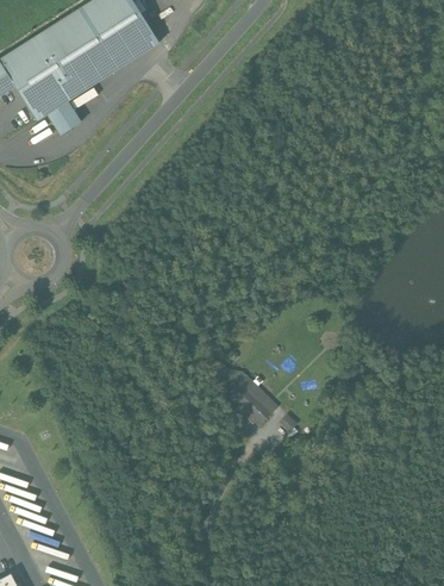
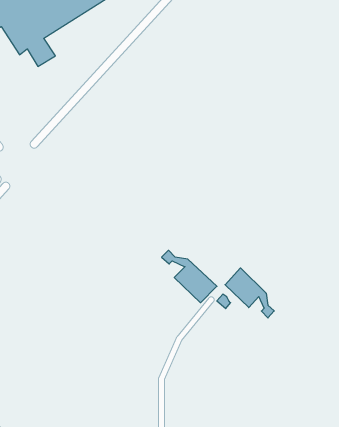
building: none -> [225,268,274,318]

